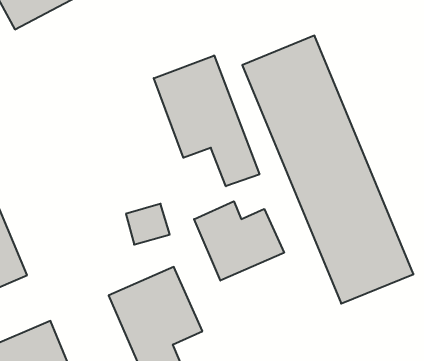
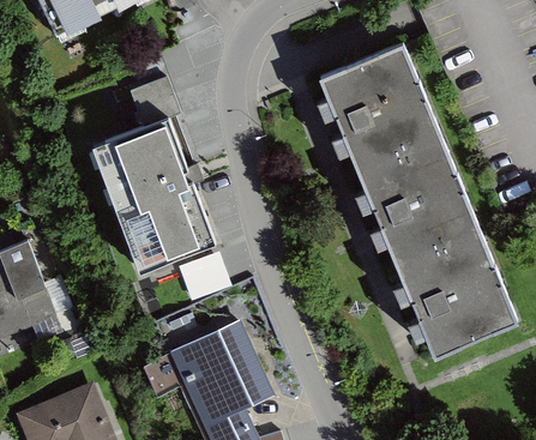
building: [154,55,259,186] -> none
building: none -> [76,119,205,275]
building: [194,201,284,281] -> none

